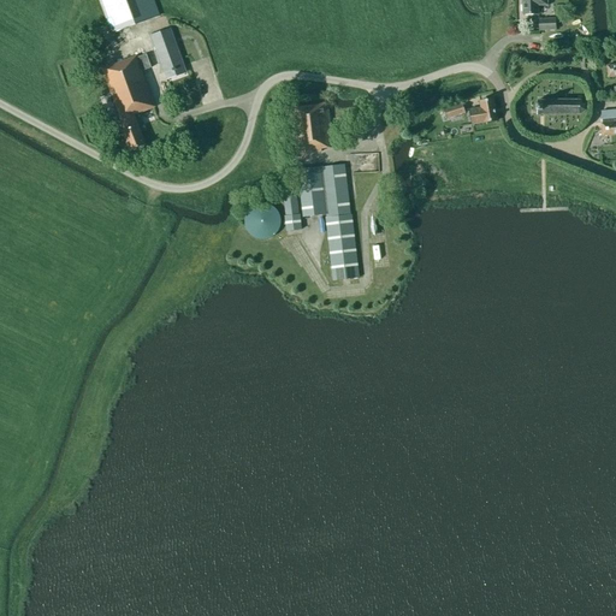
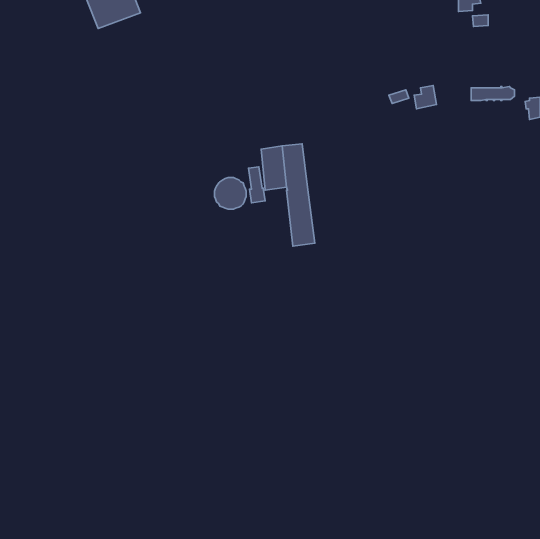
building: [150,28,183,72] -> none
building: [102,53,155,149] -> none
building: [290,102,339,155] -> none

